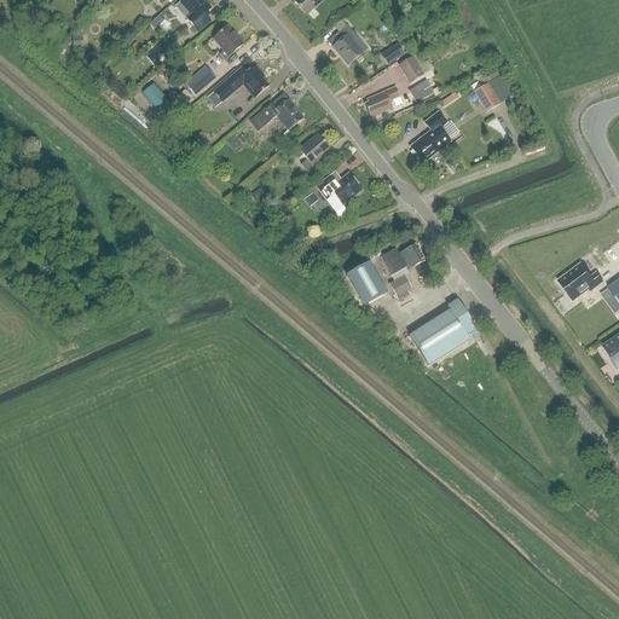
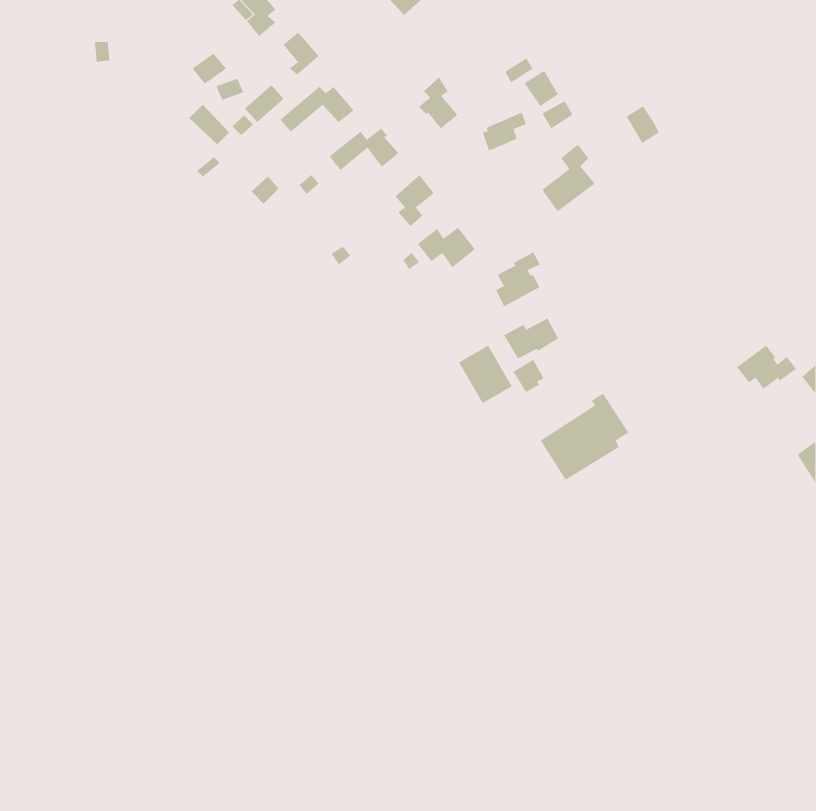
building: [331,22,361,62] -> [418,77,458,129]
building: none -> [496,251,540,307]

